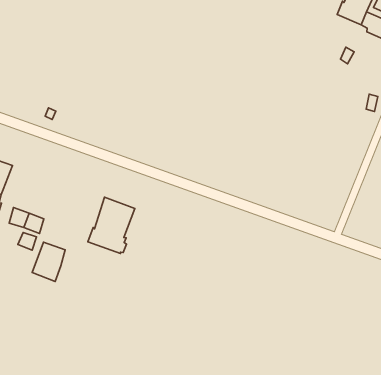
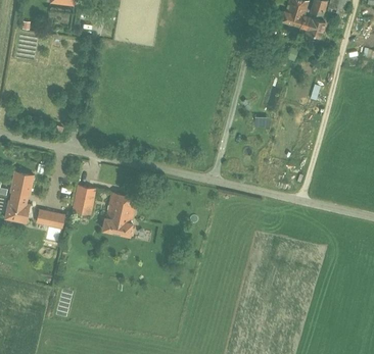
building: [32,242,65,282] -> [72,185,96,215]

